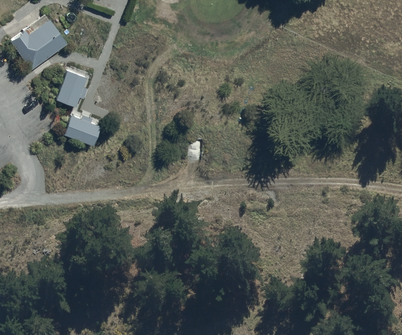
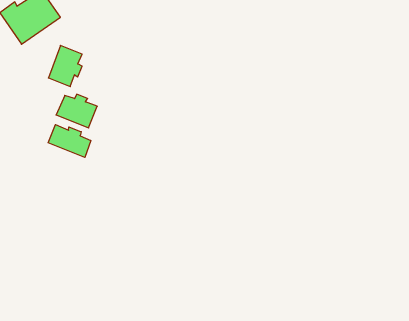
building: none -> [48,125,91,157]

